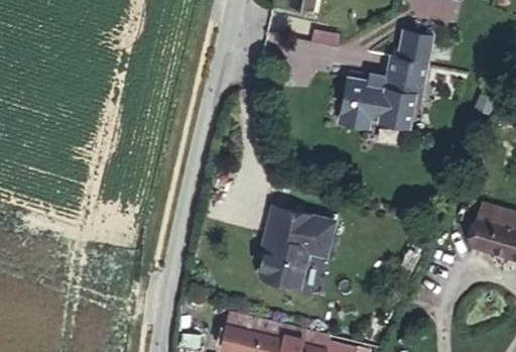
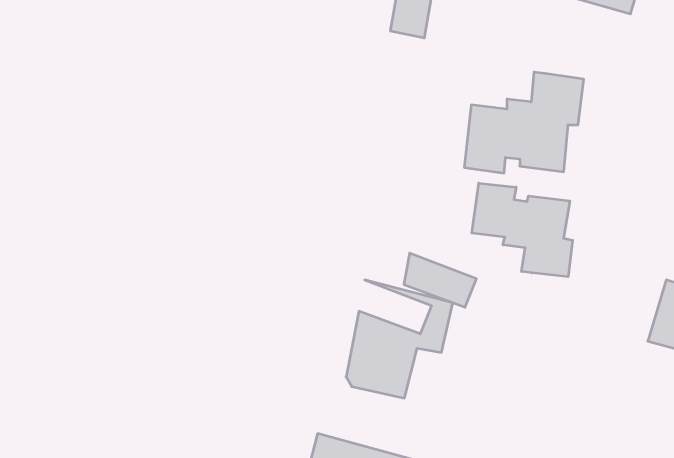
building: [399,30,430,62] -> none
building: none -> [472,183,573,277]
building: [267,204,318,242] -> [404,253,476,307]

